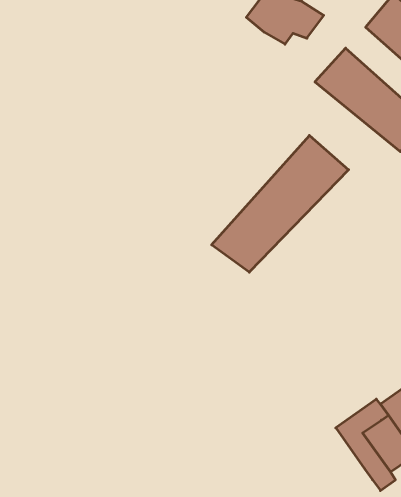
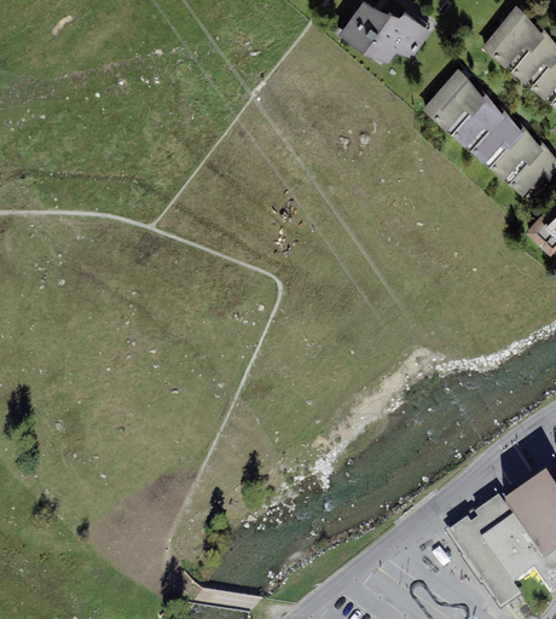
building: [212,135,349,272] -> none

